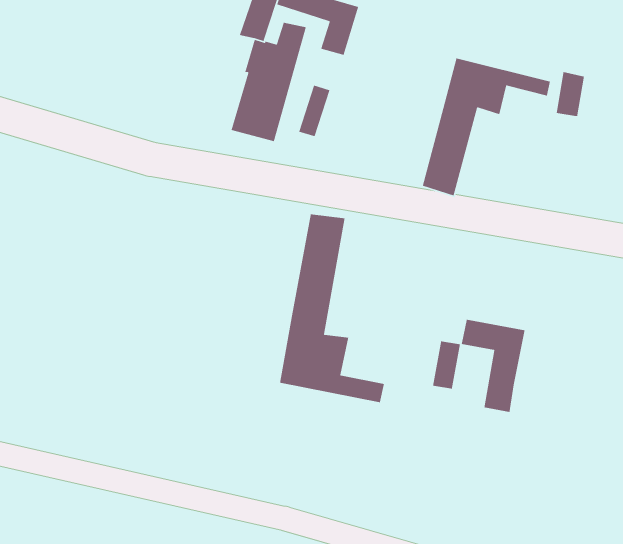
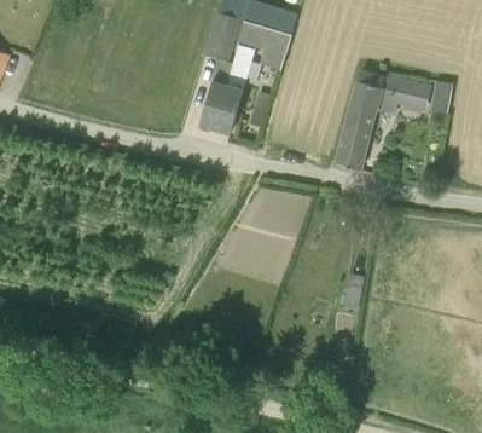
building: [279,213,385,403] -> none
building: [461,319,525,413] -> none

